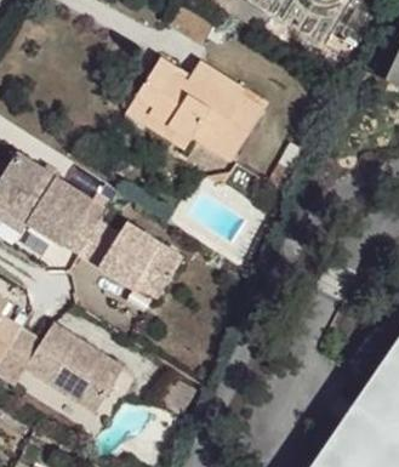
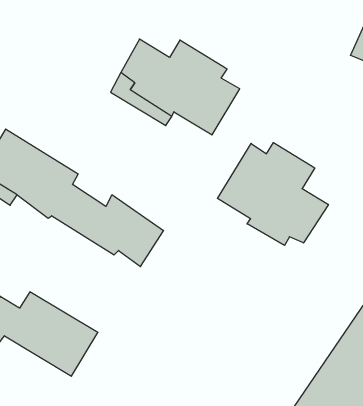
building: none -> [217,143,328,245]

